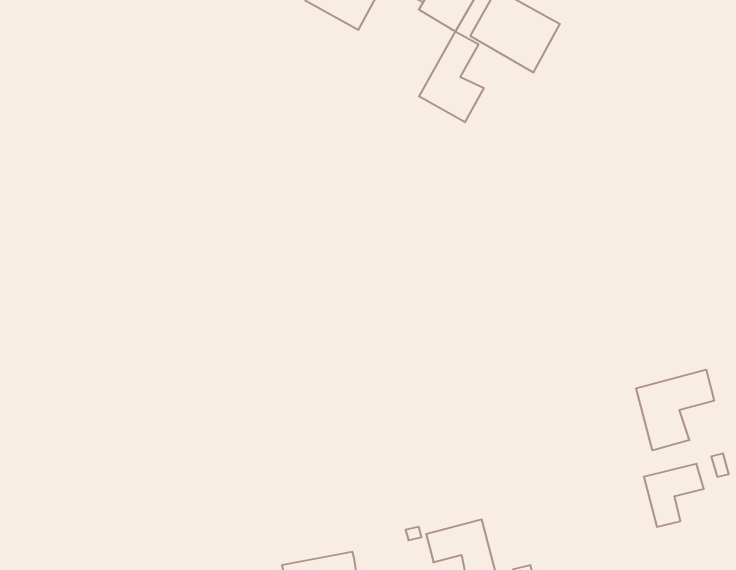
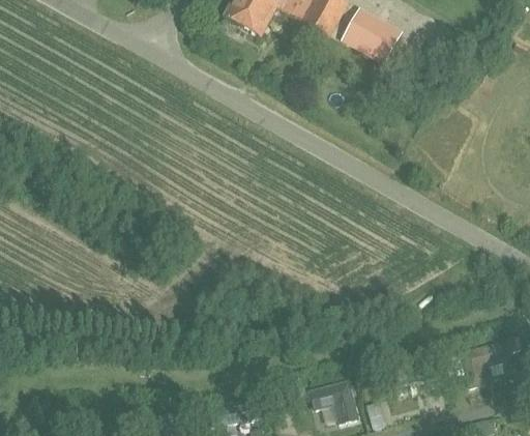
building: [419,31,484,122] -> none
building: [636,370,714,450] -> none

